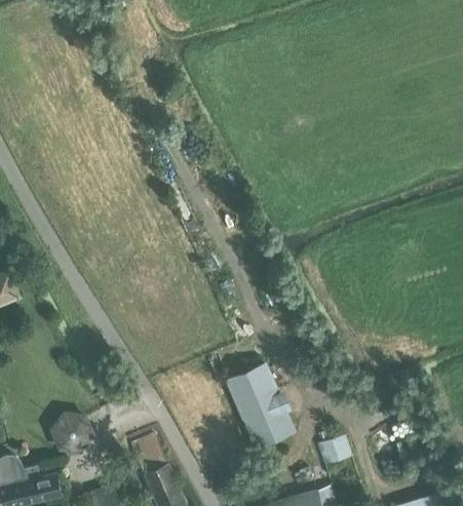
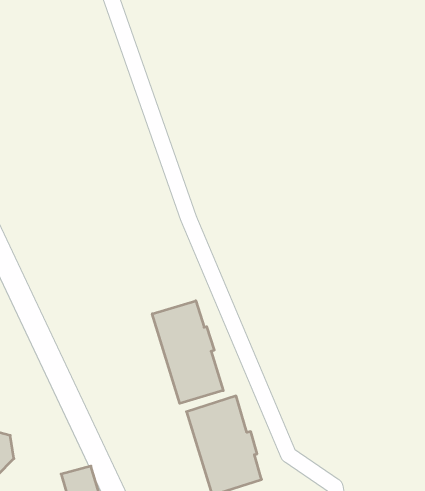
building: none -> [152,301,223,403]

